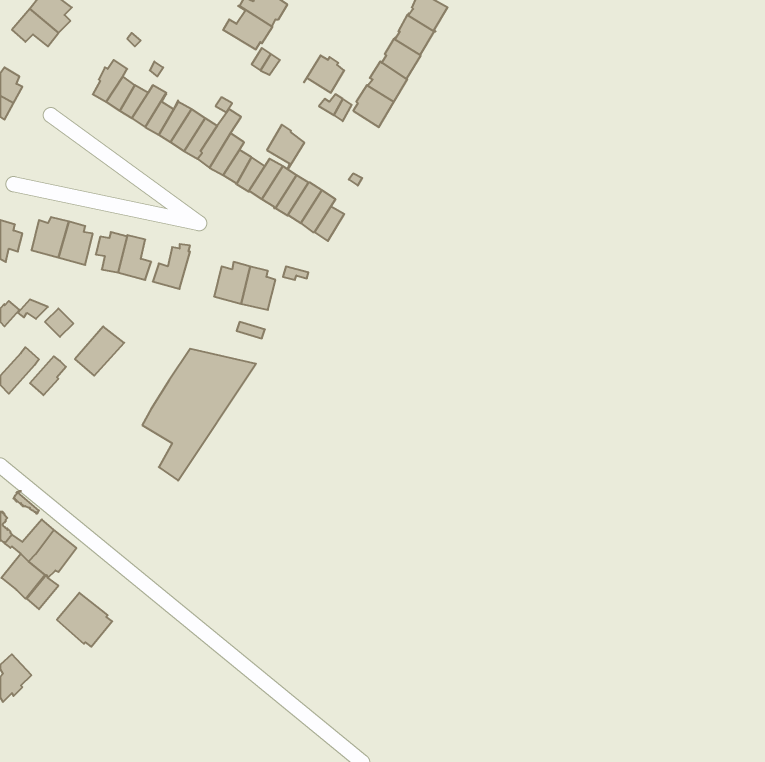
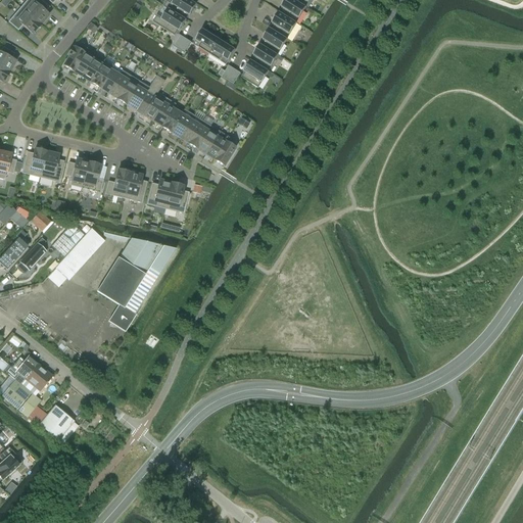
building: [267,125,304,169] -> [193,26,219,56]
building: none -> [123,169,146,201]
building: none -> [55,228,104,279]

